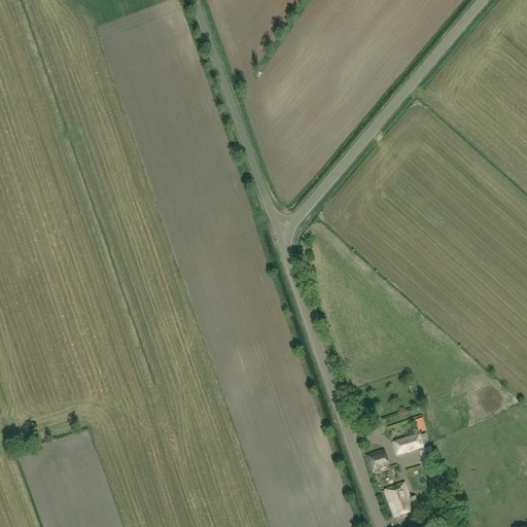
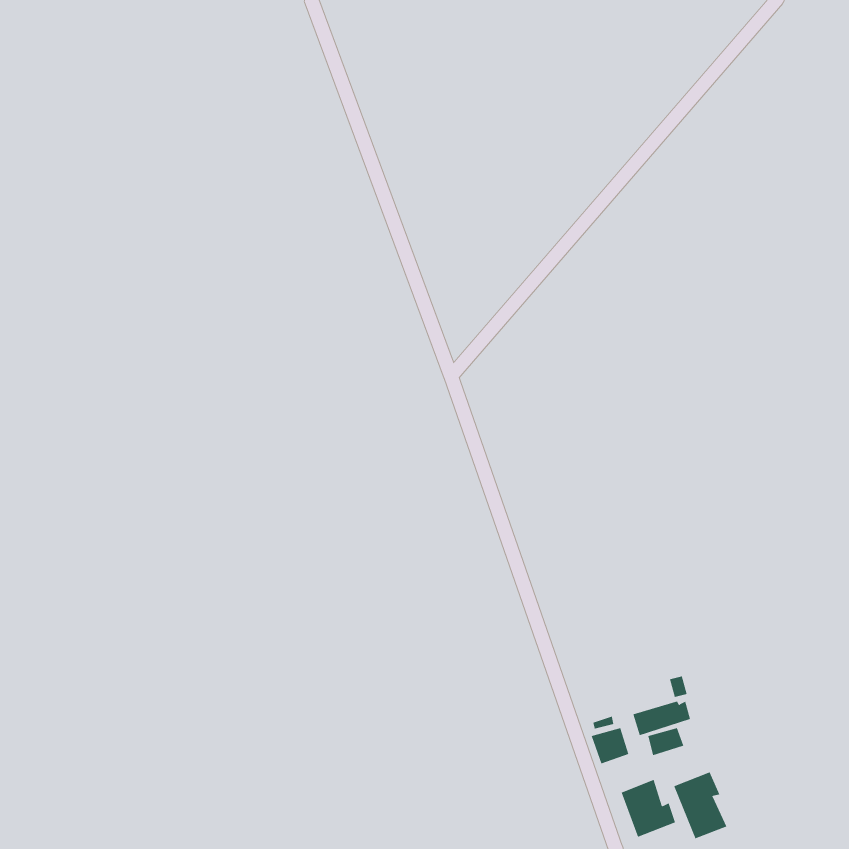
building: none -> [673,772,727,839]

